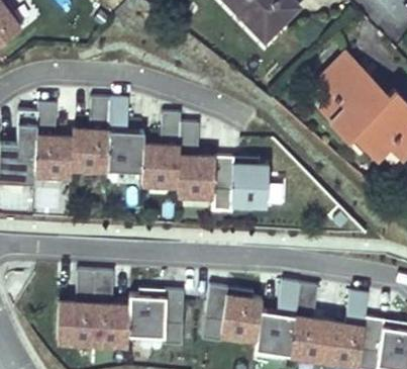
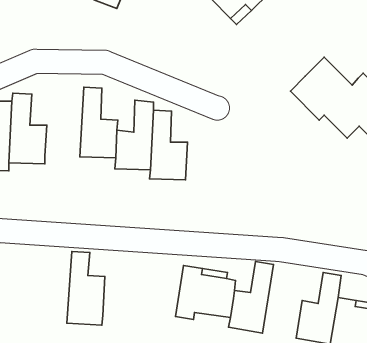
building: [320,54,388,102] -> none
building: [71,104,110,175] -> none
building: [212,160,269,212] -> none
building: [59,270,98,344] -> none
building: [291,284,331,359] -> none
building: [129,290,187,347] -> none

